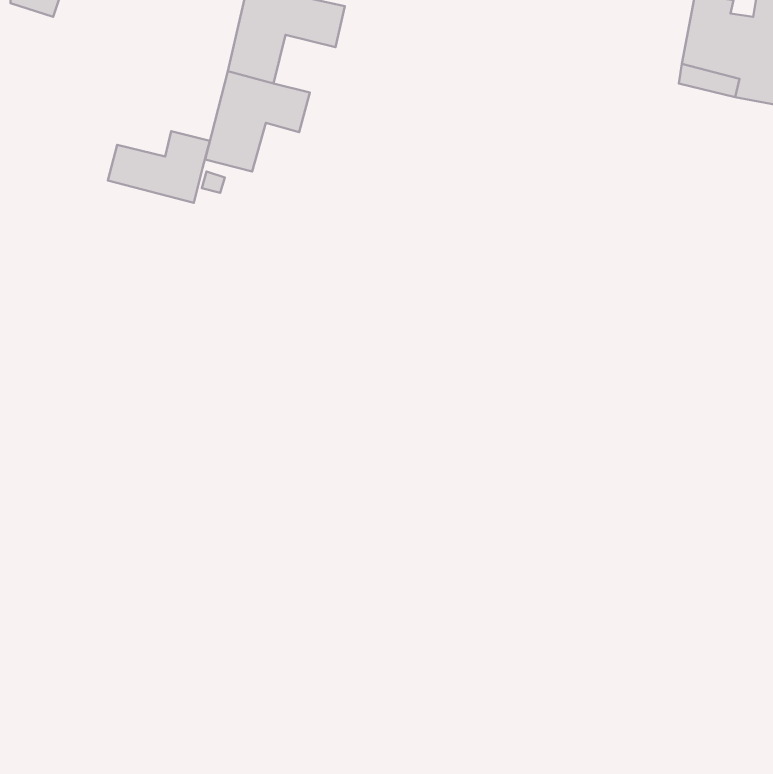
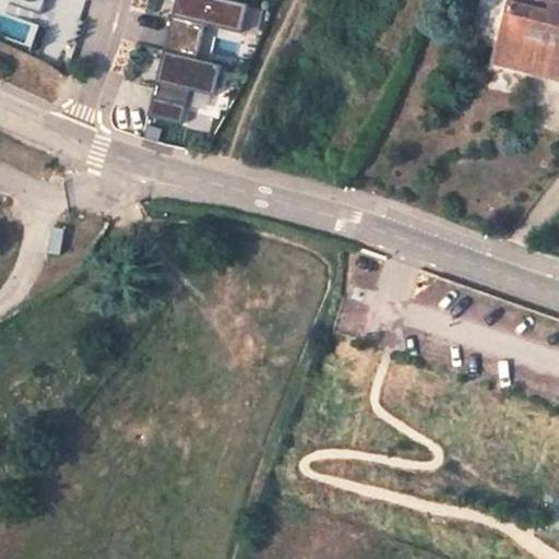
building: [108,131,210,203] -> none

